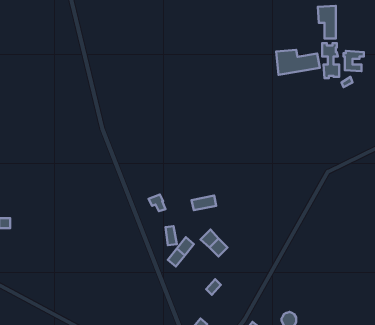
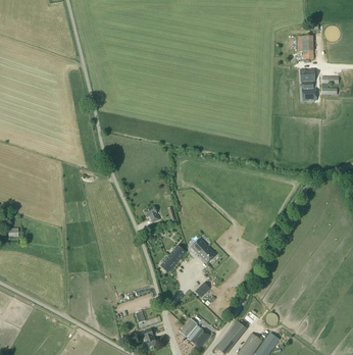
building: [276,50,320,75] -> none

